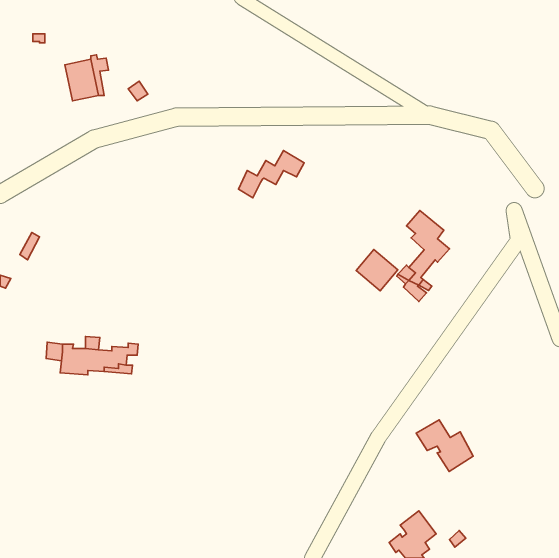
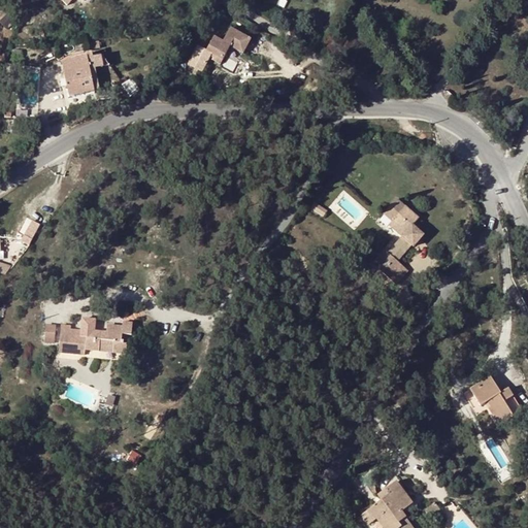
building: [239,151,304,198] -> [188,27,250,71]
building: [356,250,398,291] -> none
building: [416,420,473,471] -> [468,376,522,425]

